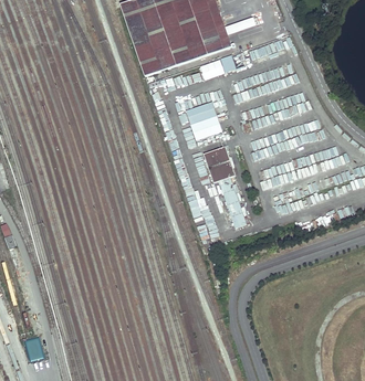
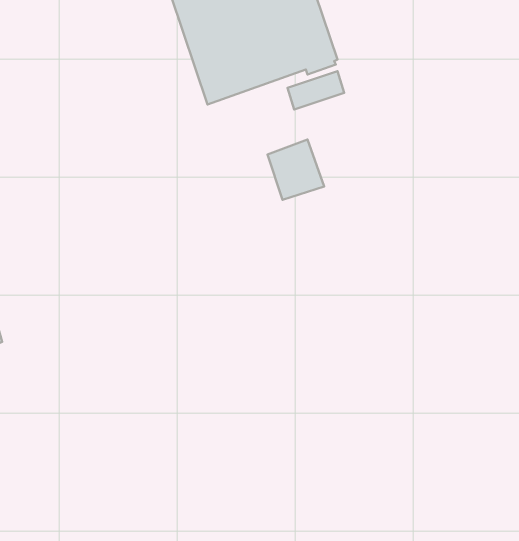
building: [202,147,234,183] -> none

